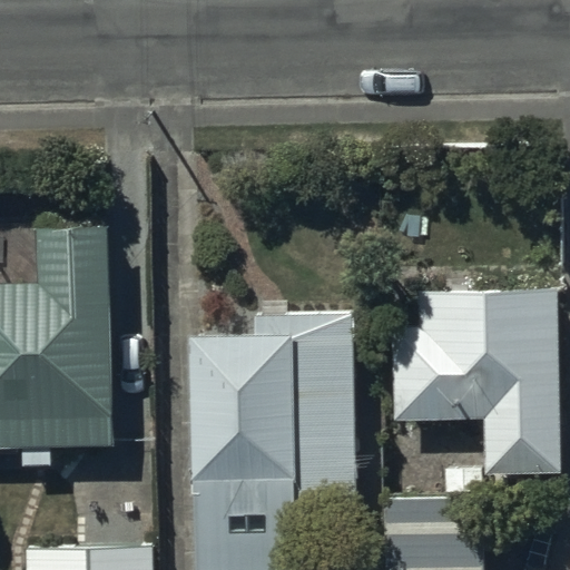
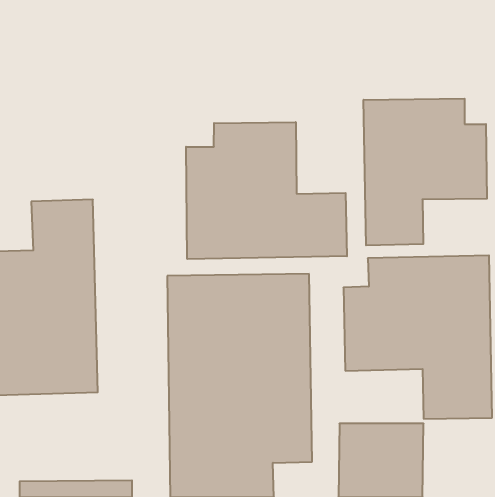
building: none -> [364,99,487,245]
building: none -> [186,122,347,259]

